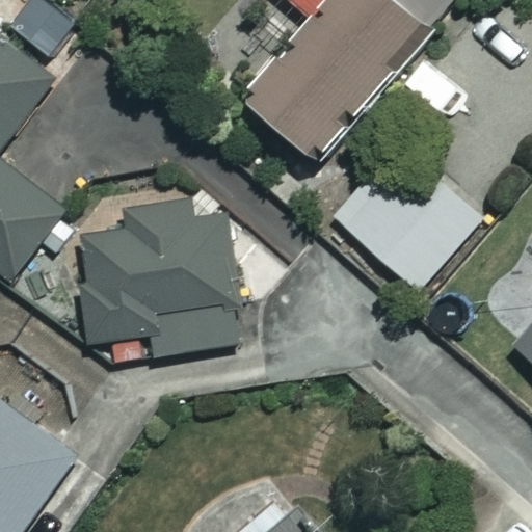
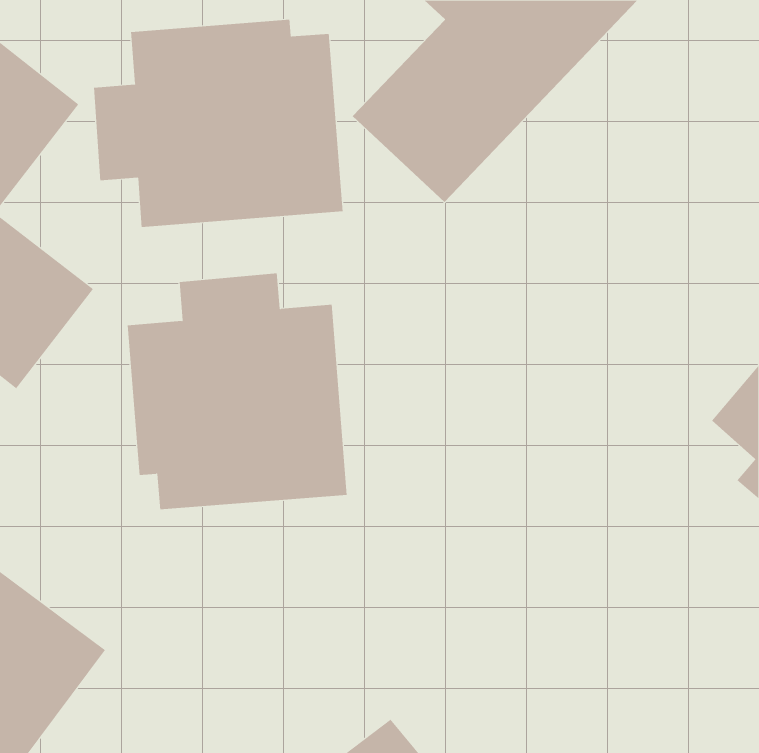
building: none -> [94,19,343,228]
building: [336,179,477,292] -> none

